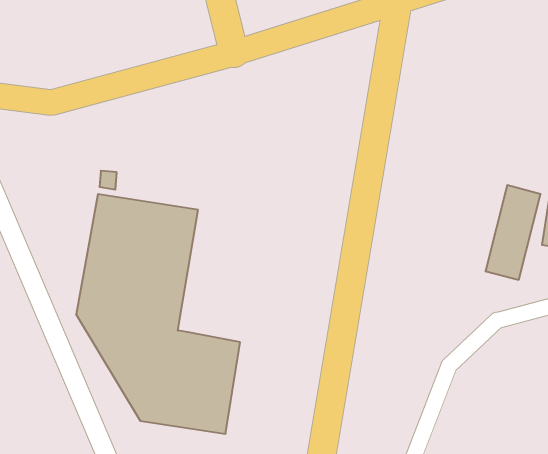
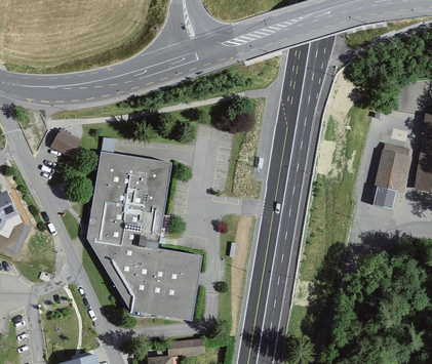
building: none -> [49,129,79,157]

